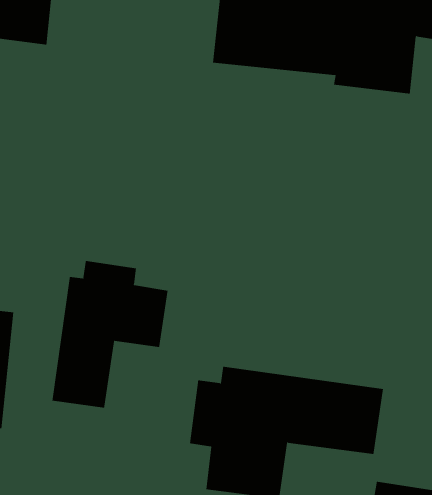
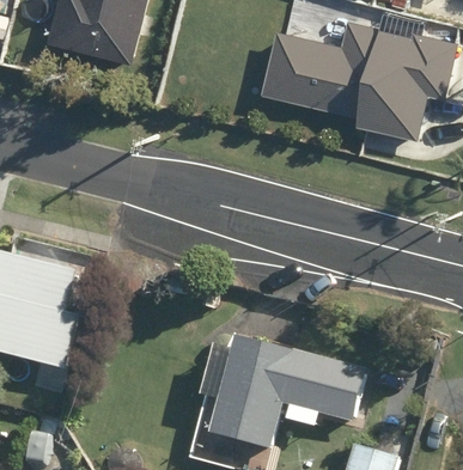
building: [52,260,168,408] -> none

